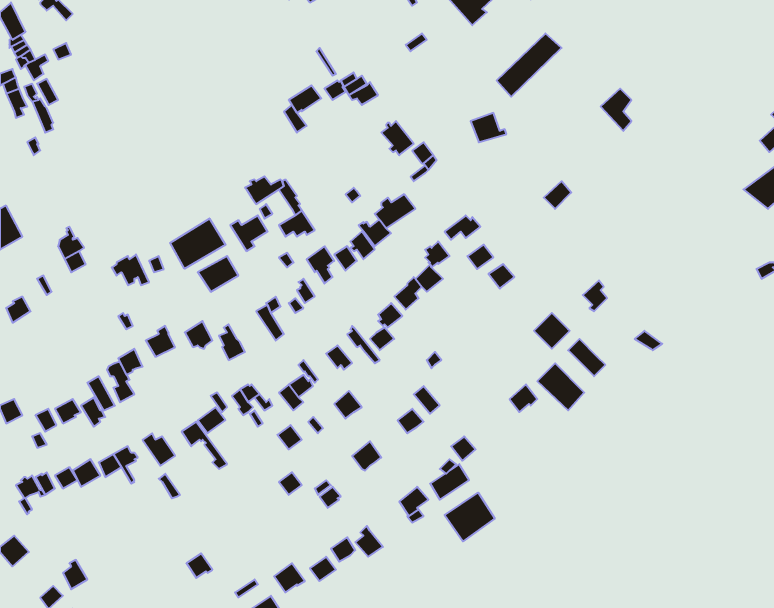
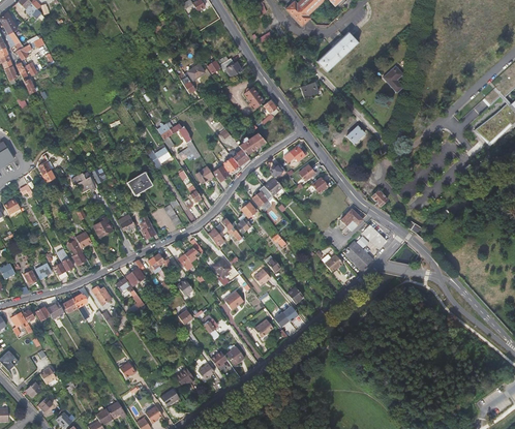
building: [170,218,226,269] -> none
building: [445,493,495,541] -> none

